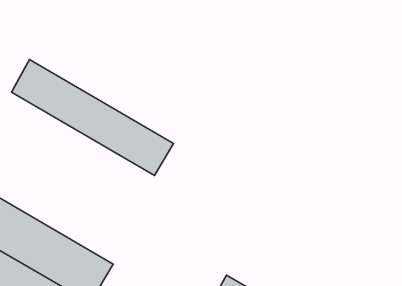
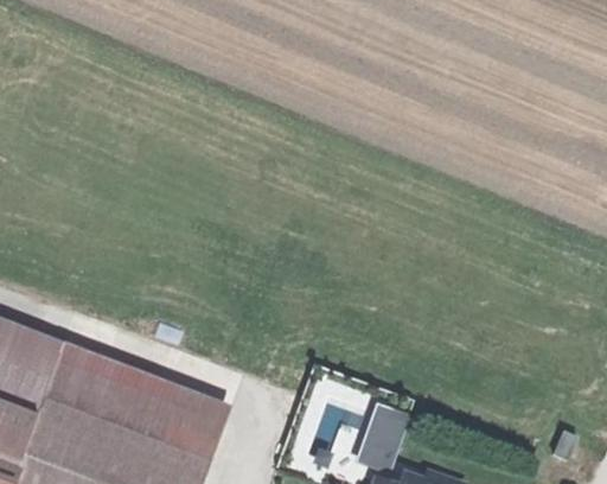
building: [12,60,174,176] -> none

